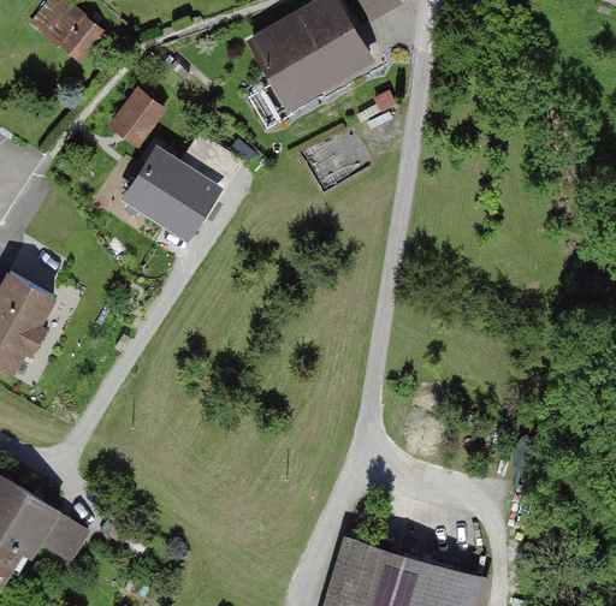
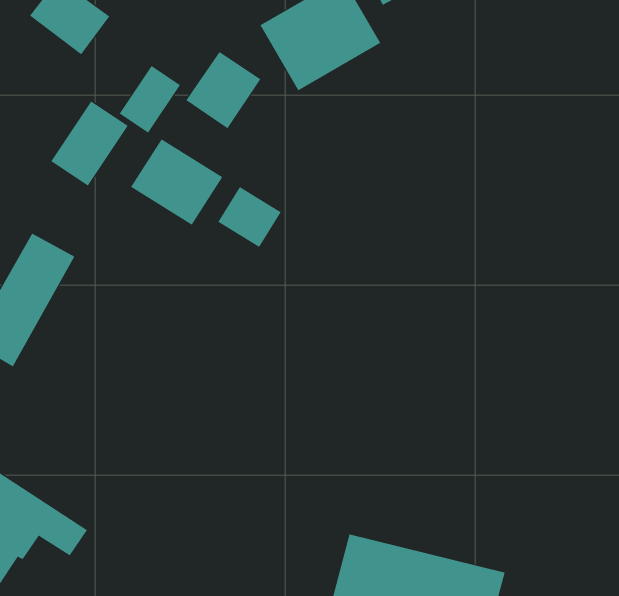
building: none -> [185,51,261,129]
building: none -> [50,100,129,187]
building: none -> [218,186,281,248]

